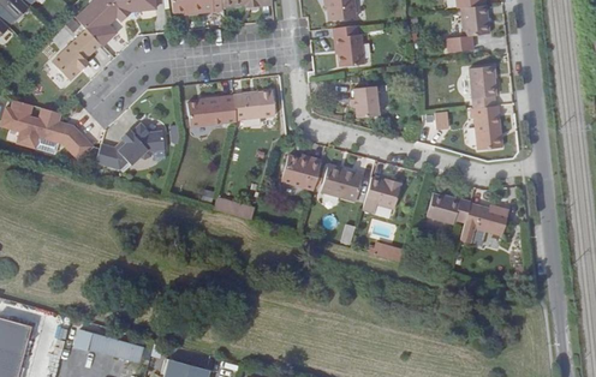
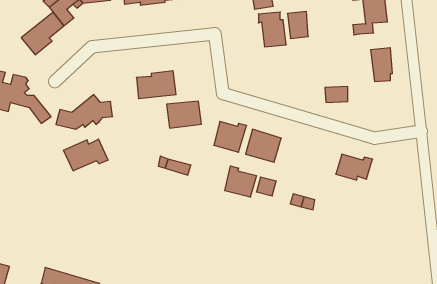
building: [354,83,380,115] -> [287,12,308,38]
building: [233,88,275,120] -> [167,101,201,128]
building: [473,102,505,149] -> none
building: none -> [64,139,108,171]
building: [363,178,403,211] -> none
building: [463,202,514,243] -> none
building: none -> [225,166,256,197]

